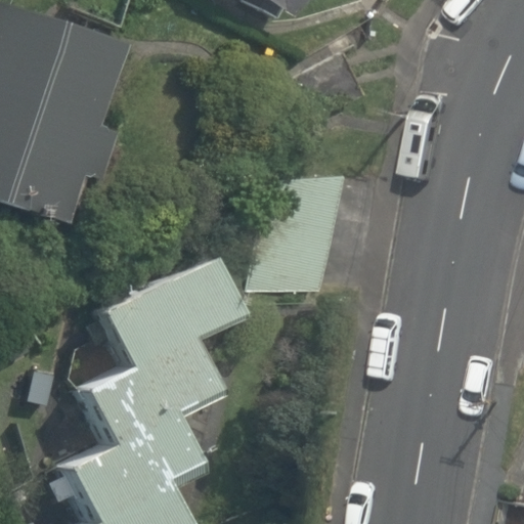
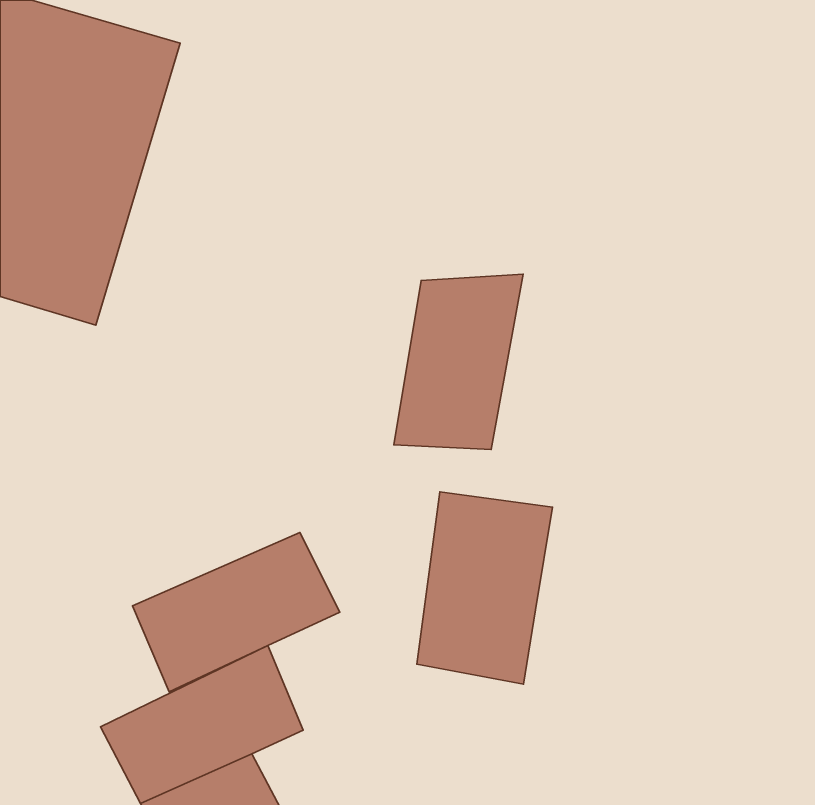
building: [102,265,237,375] -> none
building: none -> [417,492,553,684]

